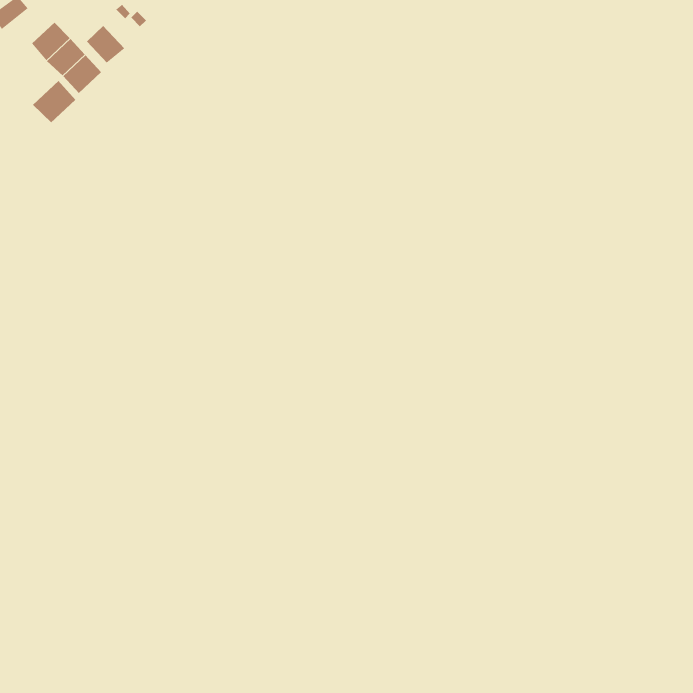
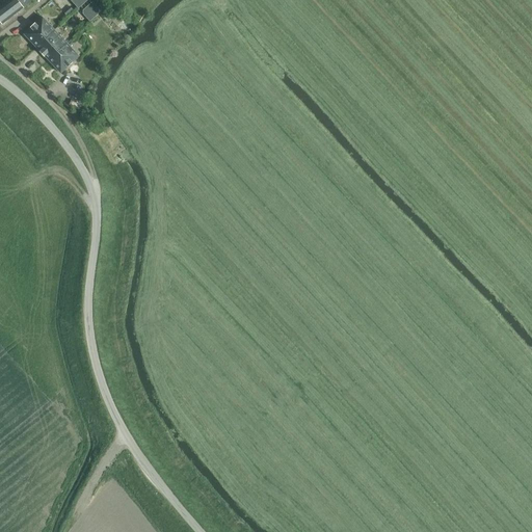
building: [86,25,125,63] -> none
building: [32,80,76,123] -> none

